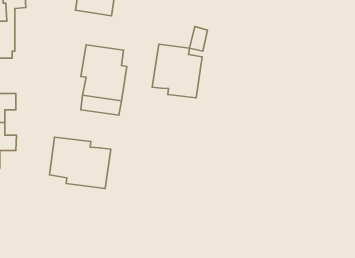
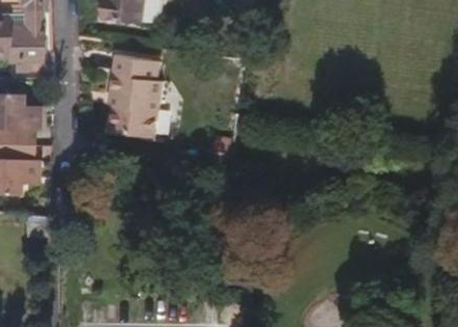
building: [152,44,202,98] -> none
building: [49,137,111,188] -> none

